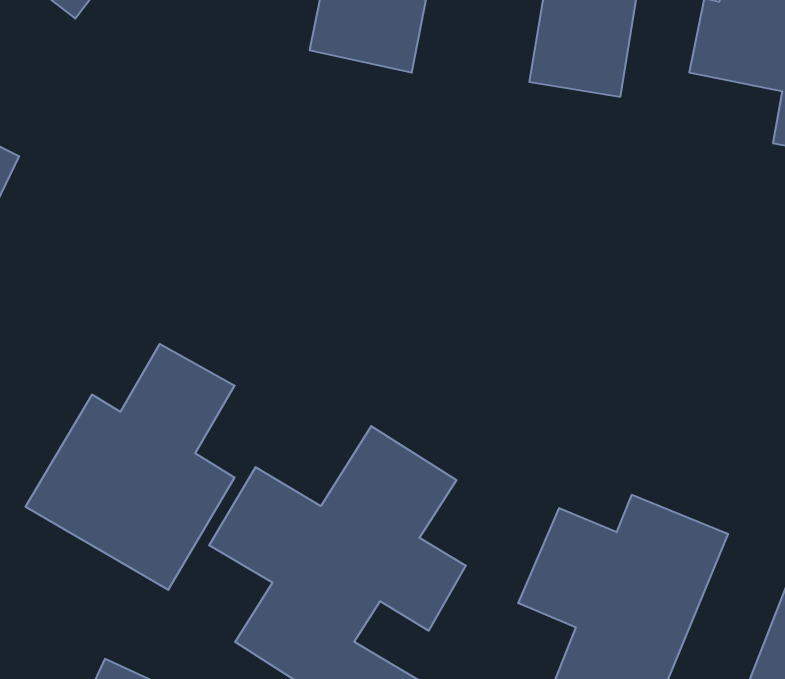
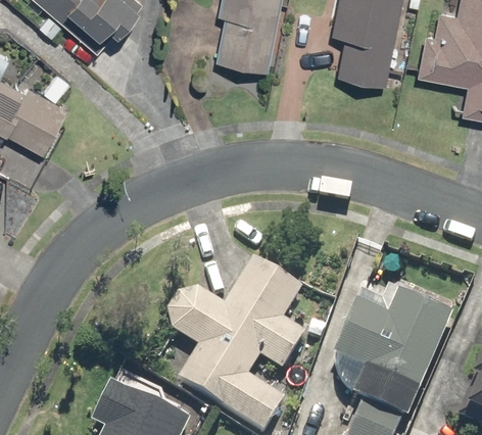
building: [26,344,235,590] -> none

